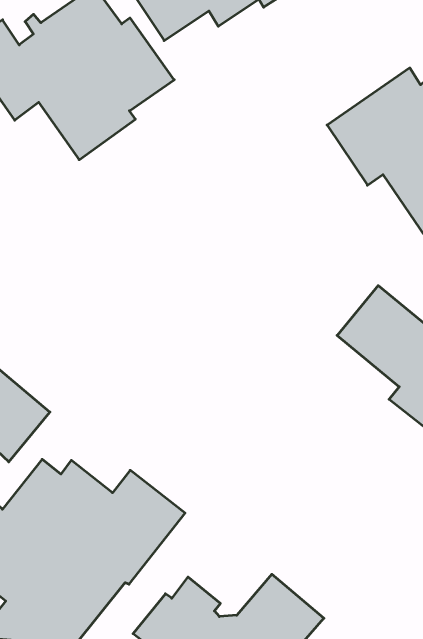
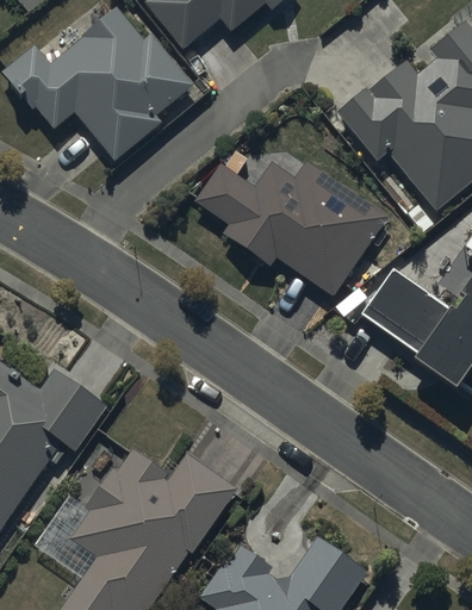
building: none -> [197,161,389,301]

